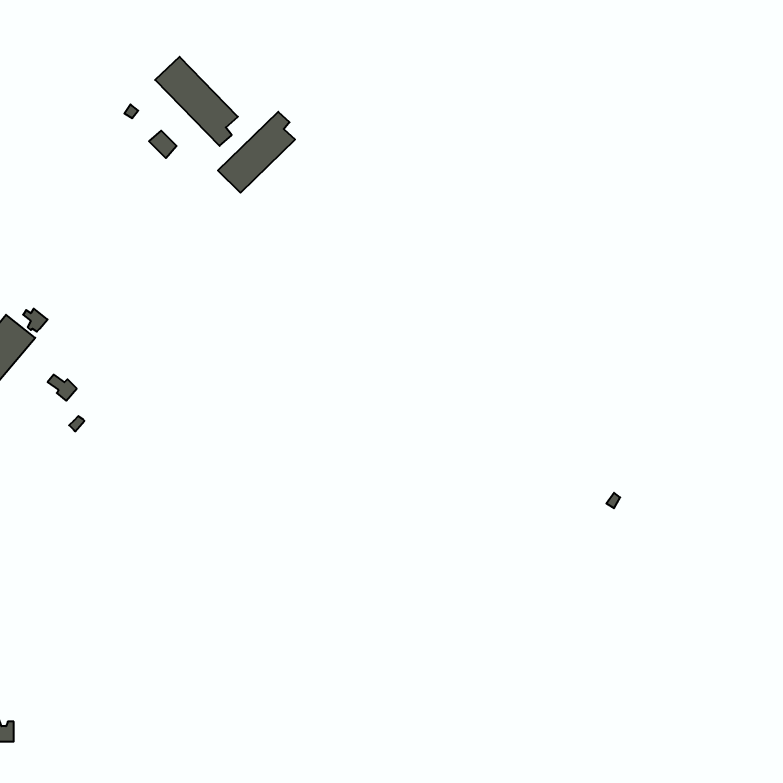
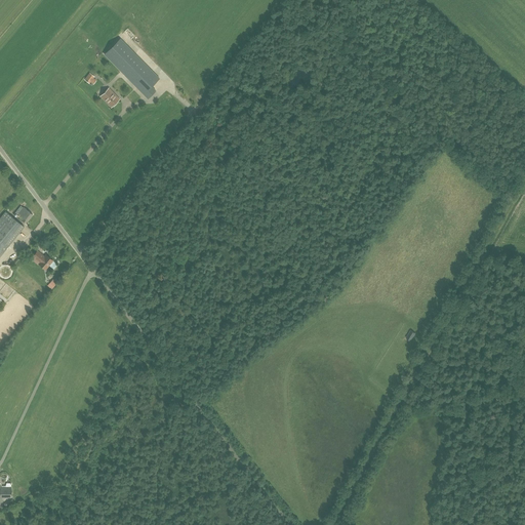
building: [218,112,295,193] -> none

